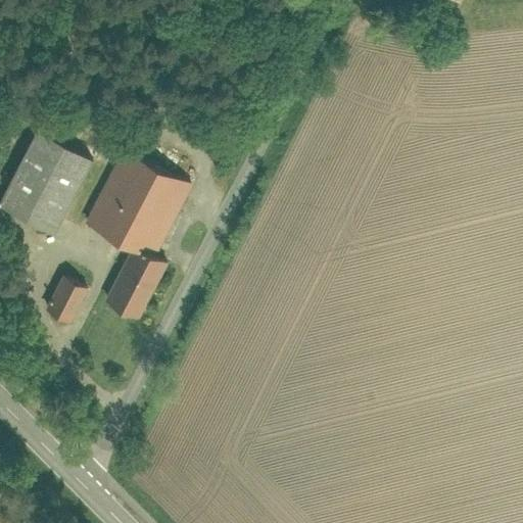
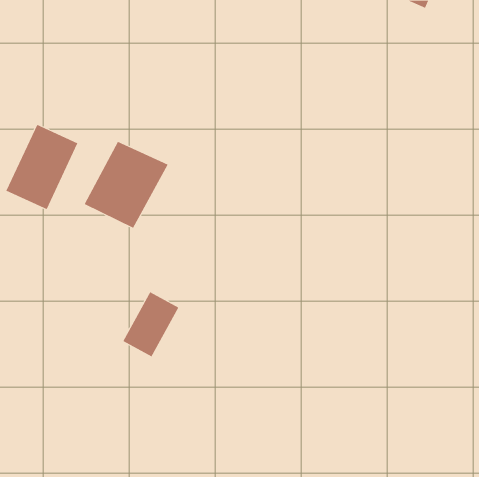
building: [101,250,162,322] -> [123,291,179,357]
building: [45,277,91,325] -> none

